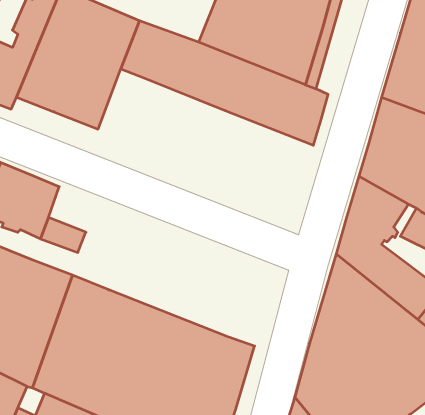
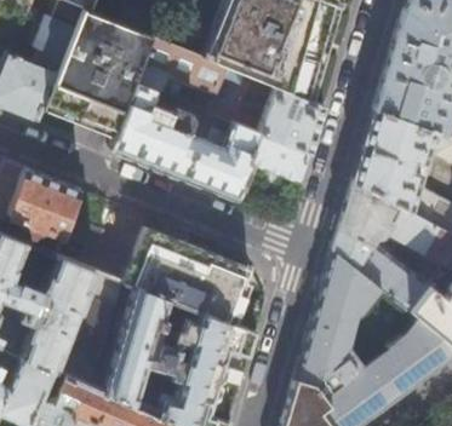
building: none -> [111,84,310,200]
building: none -> [125,230,250,326]

